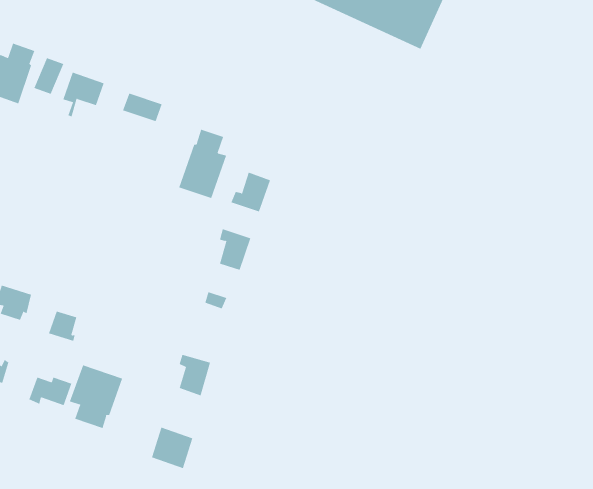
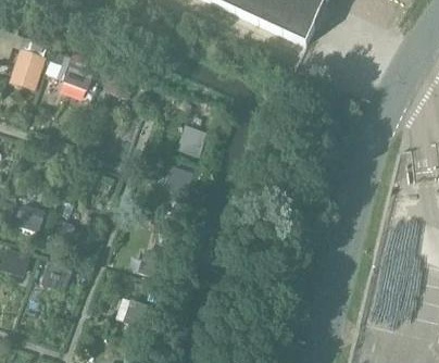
building: [179,129,227,199] -> none
building: [69,364,123,429] -> none

